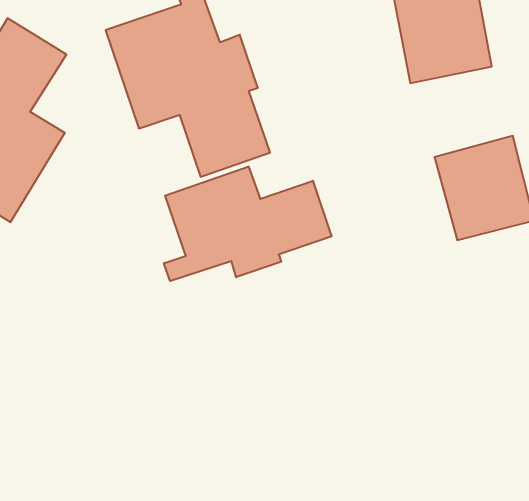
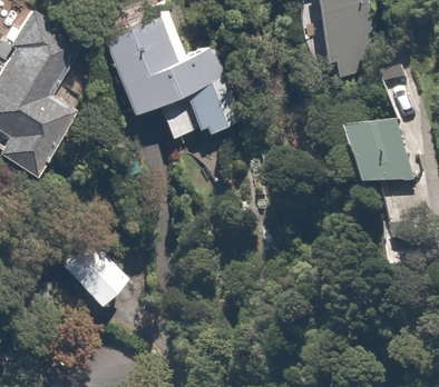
building: [164,167,332,281] -> none
building: none -> [61,235,127,301]

